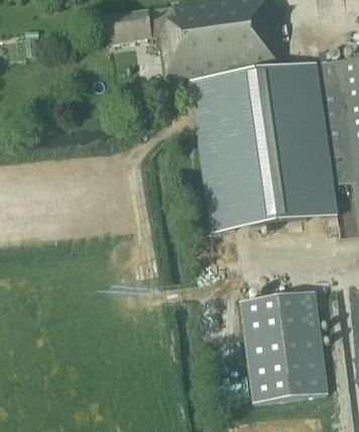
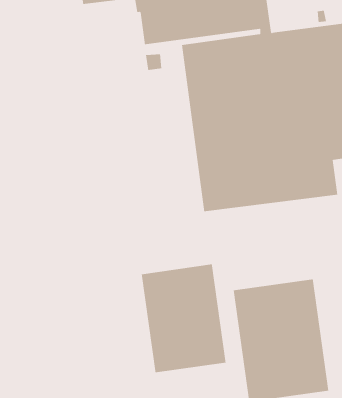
building: none -> [141,264,226,373]

